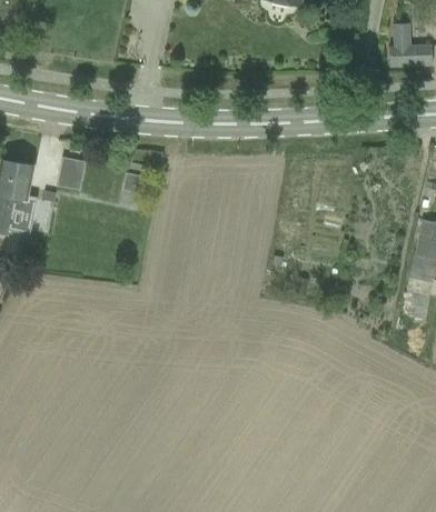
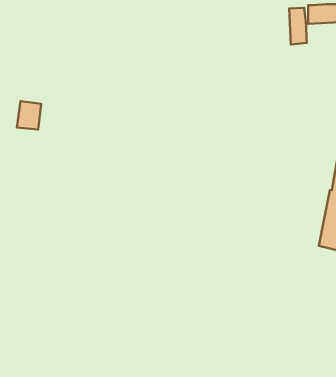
building: none -> [289,8,307,45]

